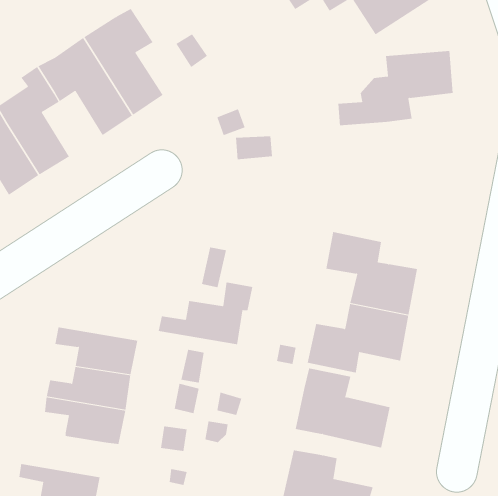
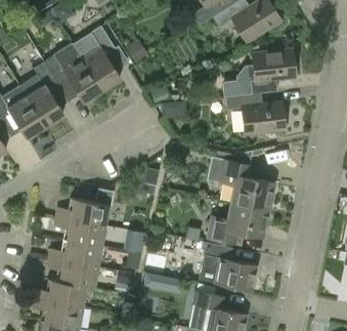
building: none -> [225,94,285,134]
building: [158,282,253,345] -> [56,188,114,225]
building: none -> [34,280,85,307]

